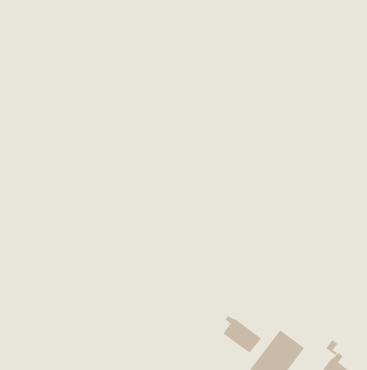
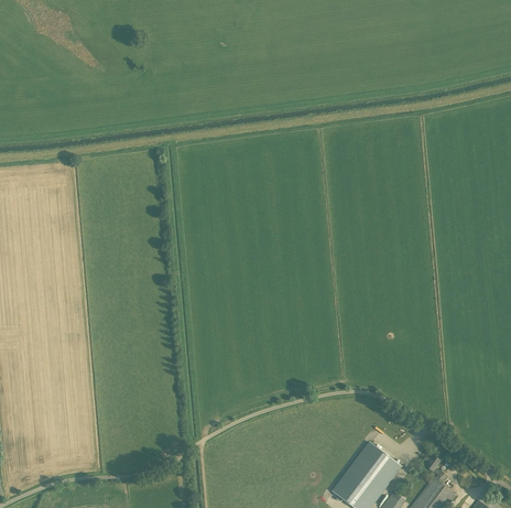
building: [222,315,262,354] -> none

